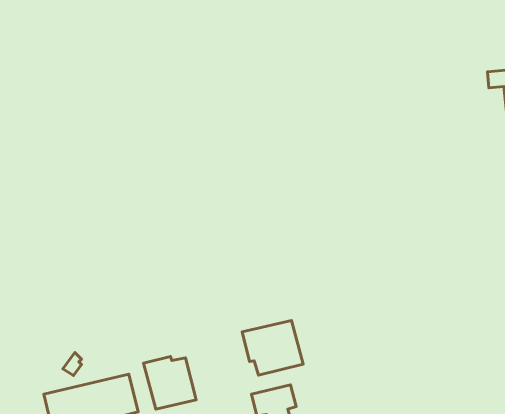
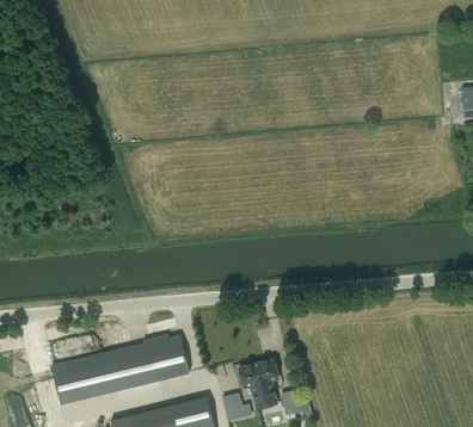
building: [242,320,303,375] -> none

